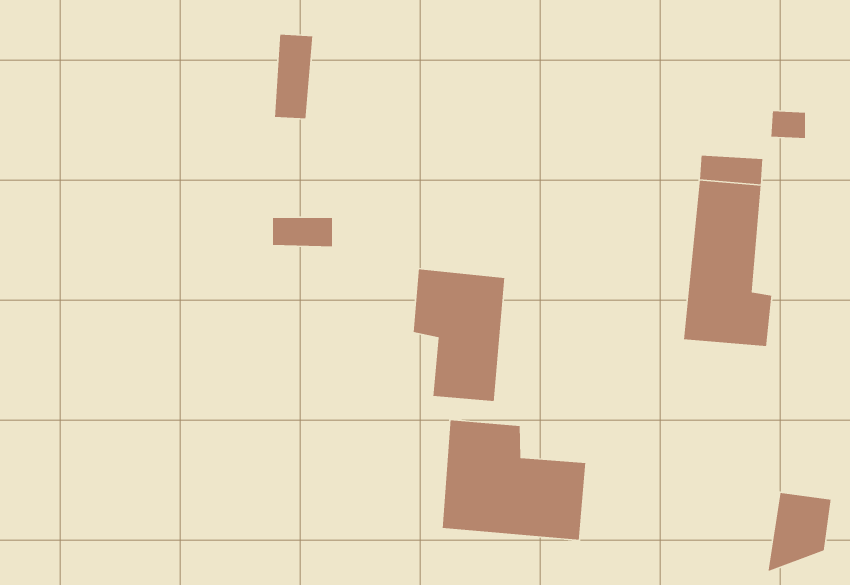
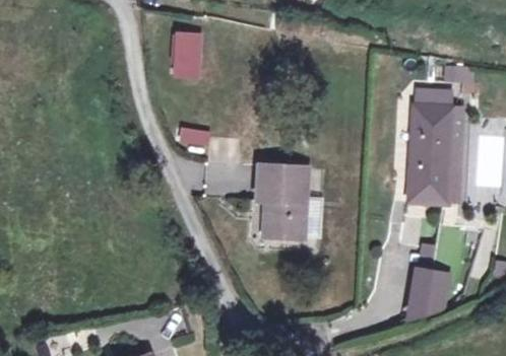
building: [442,419,586,540] -> none
building: [767,492,831,572] -> [407,272,444,317]

